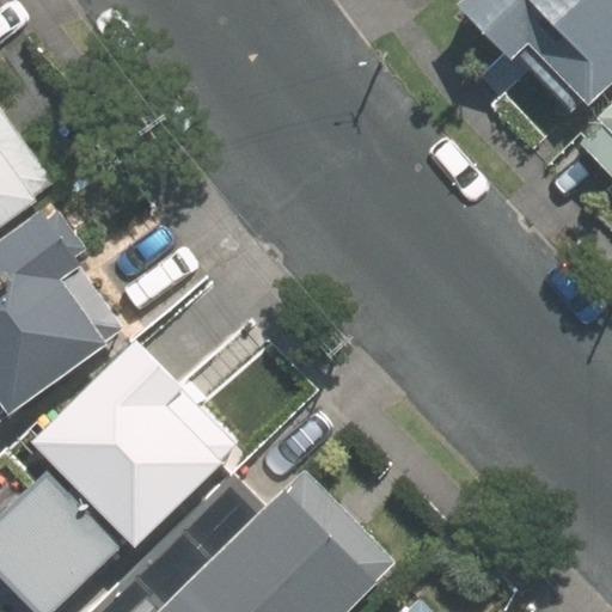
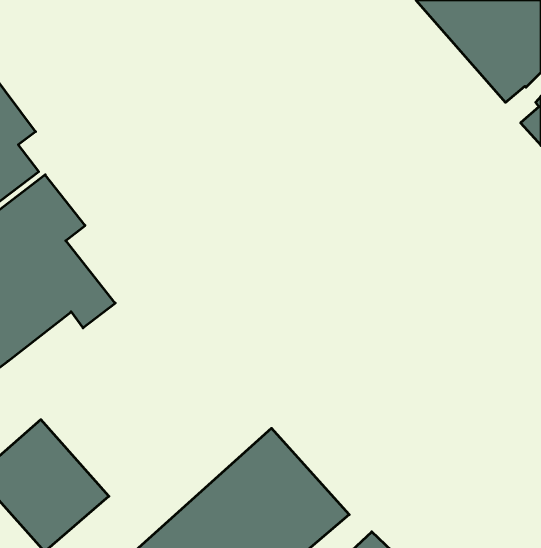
building: [33,332,226,544] -> none

